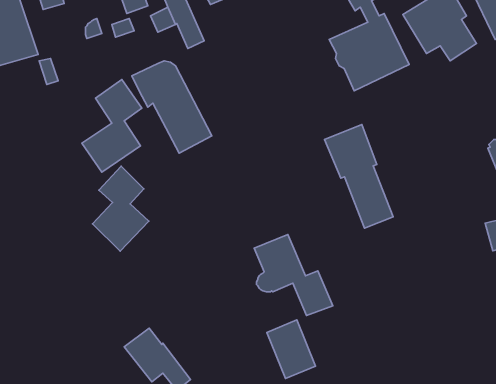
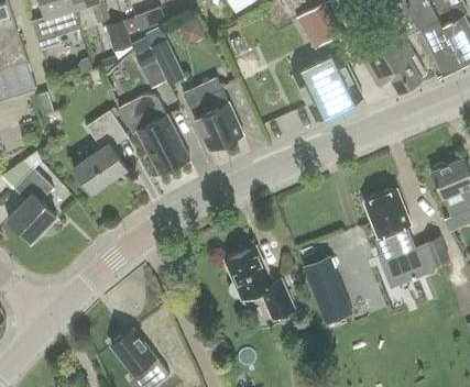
building: none -> [182,77,243,152]
building: [325,125,393,228] -> [364,188,425,279]
building: [93,166,149,251] -> [7,167,56,242]
building: [267,320,316,379] -> [308,270,351,322]

